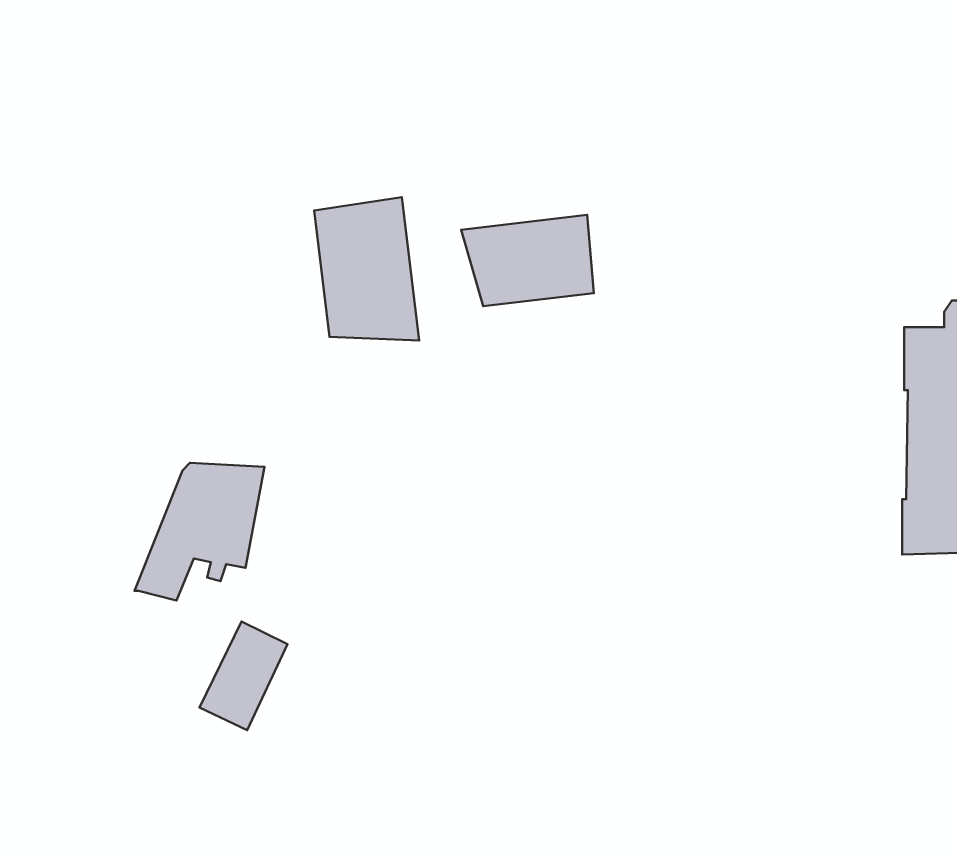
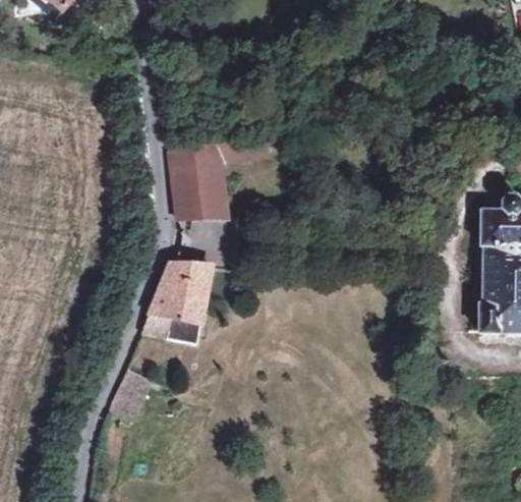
building: [461,215,594,306] -> none
building: [135,463,264,600] -> [142,264,212,337]

